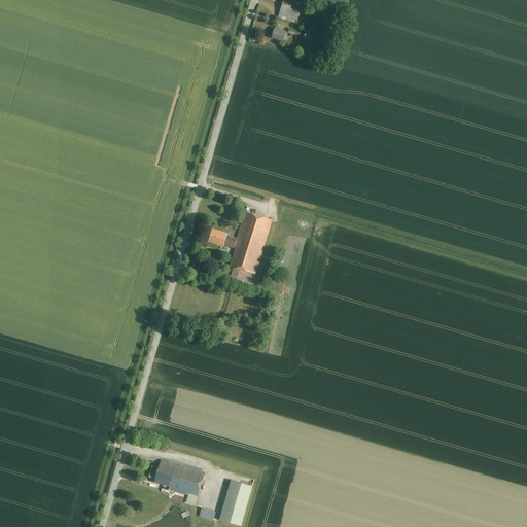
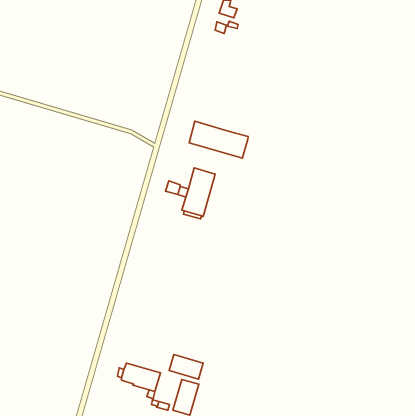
building: none -> [189,121,248,158]
building: none -> [169,355,203,379]

